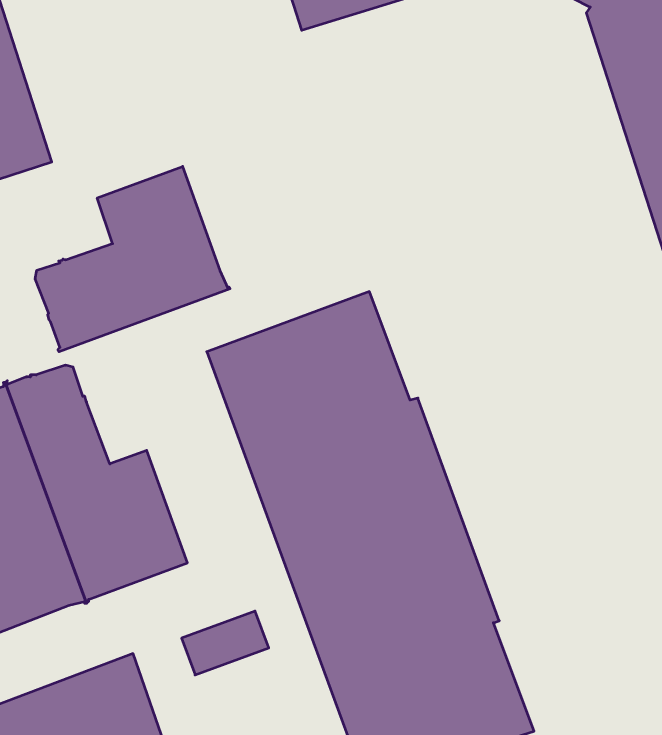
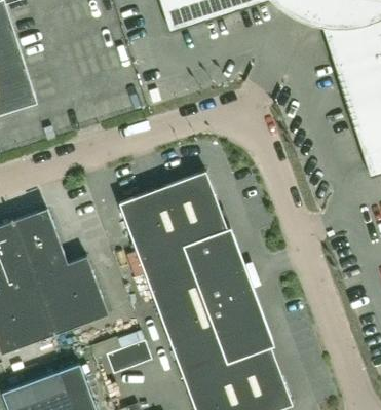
building: [35,166,230,352] -> none

